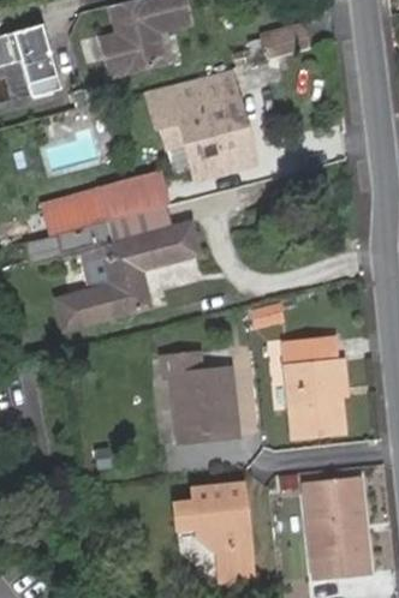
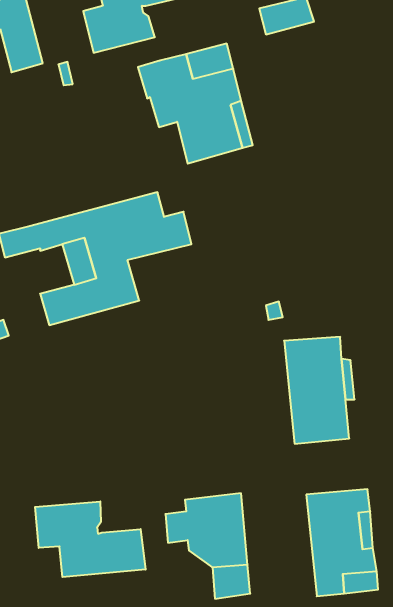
building: [40,173,167,237] -> none
building: [160,353,238,441] -> none
building: none -> [35,501,146,577]

